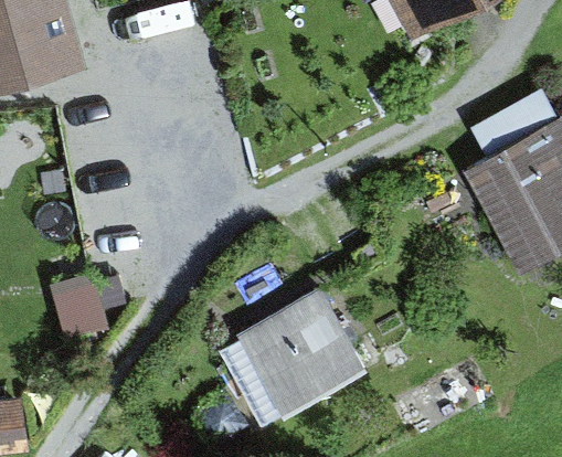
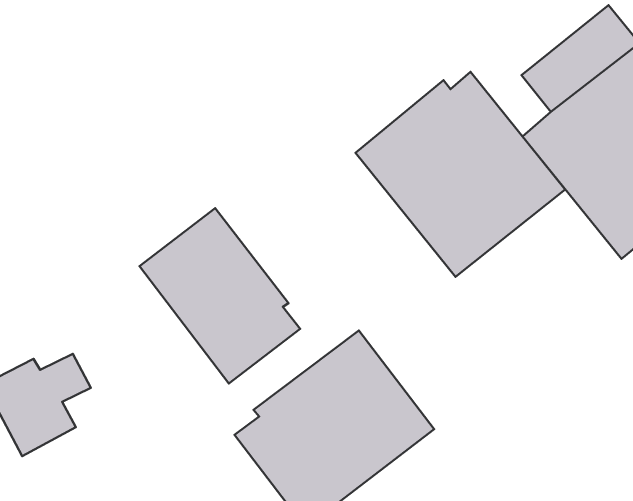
building: none -> [355,72,565,277]
building: none -> [140,208,300,383]

